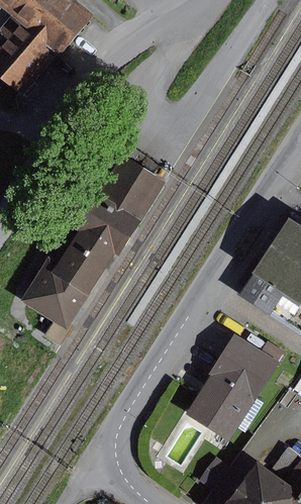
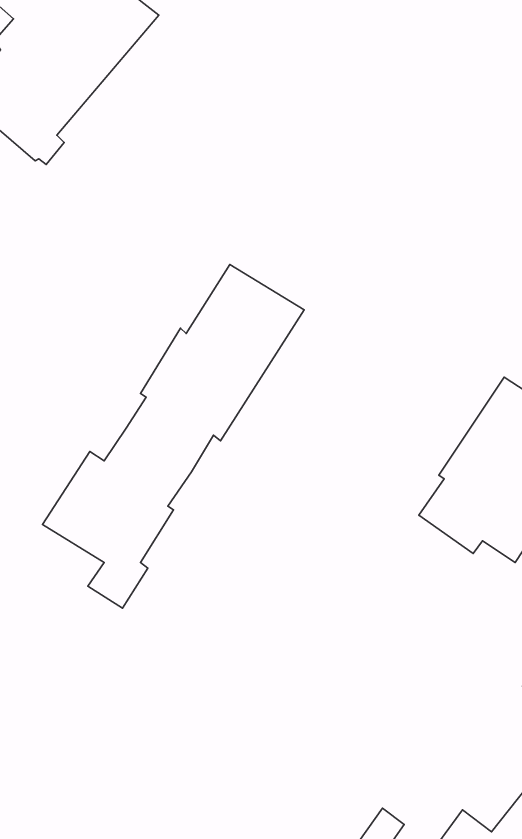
building: [183,332,285,440] -> none

